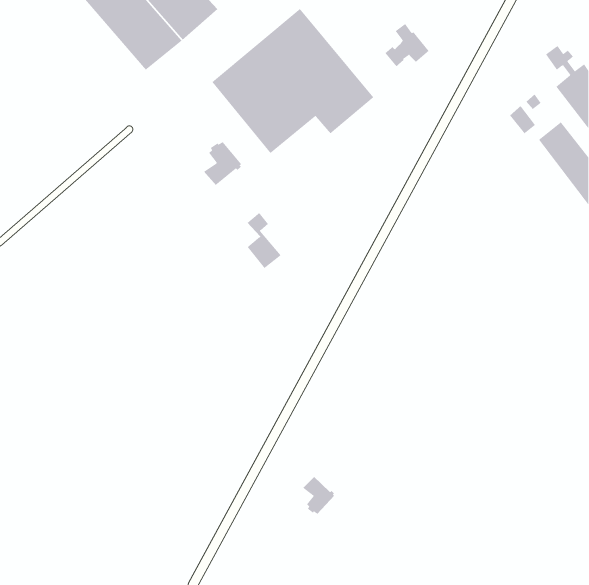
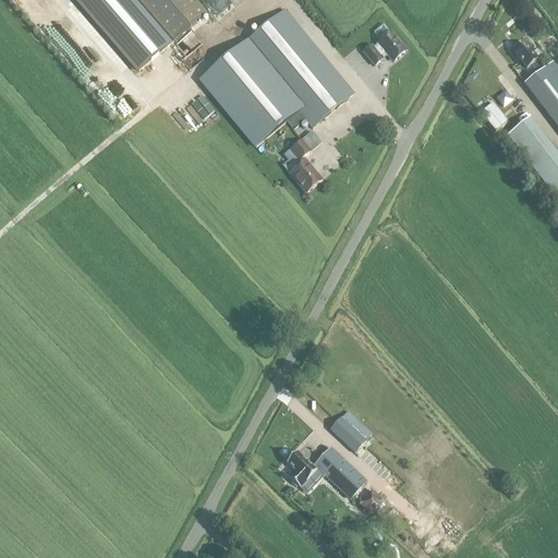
building: [203,141,242,186] -> none
building: [247,212,282,269] -> [289,138,322,192]
building: none -> [329,415,365,450]
building: none -> [313,445,366,496]

